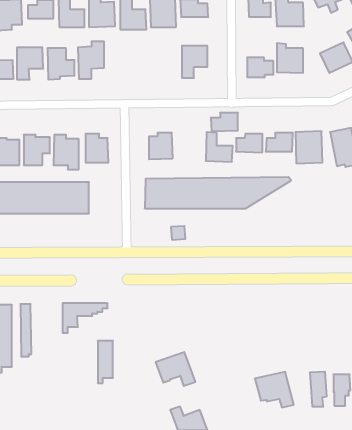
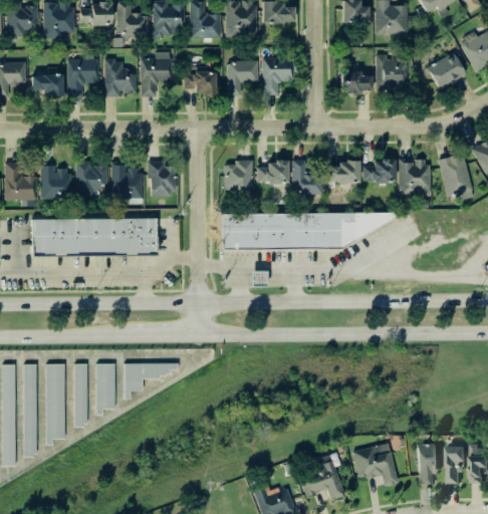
building: none -> [228,59,259,96]
building: none -> [185,66,216,94]
building: [211,113,238,131] -> [257,161,289,183]
building: [98,341,113,383] -> [94,362,112,413]
building: [156,352,195,386] -> [296,460,343,500]

